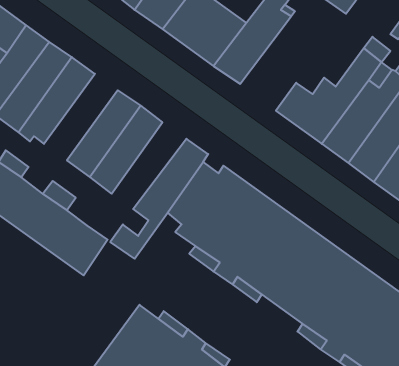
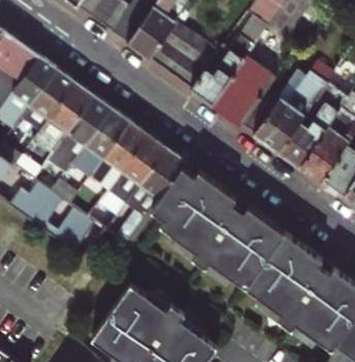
building: none -> [212,57,276,125]
building: none -> [46,95,112,175]
building: none -> [98,134,168,217]

